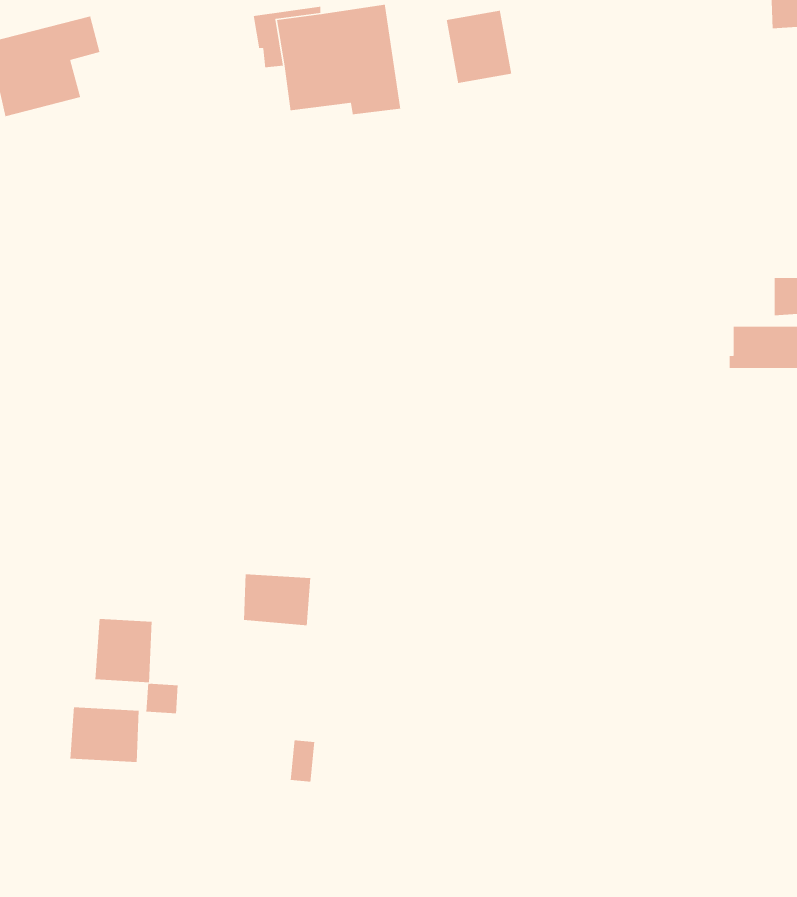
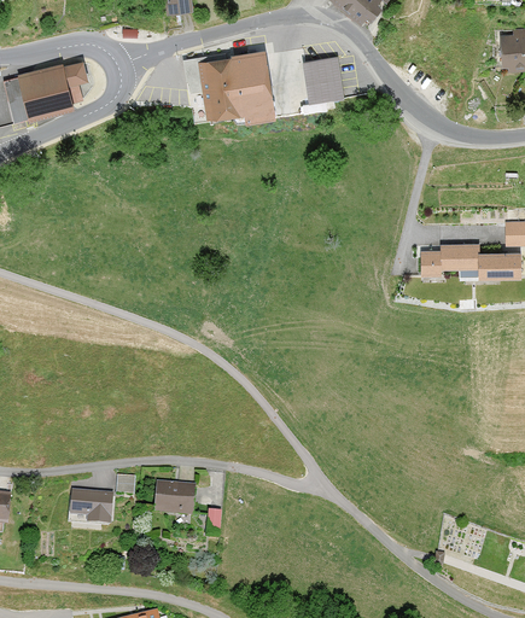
building: none -> [421,243,480,275]
building: [243,574,311,626] -> [154,482,197,514]
building: [94,618,153,683] -> none

